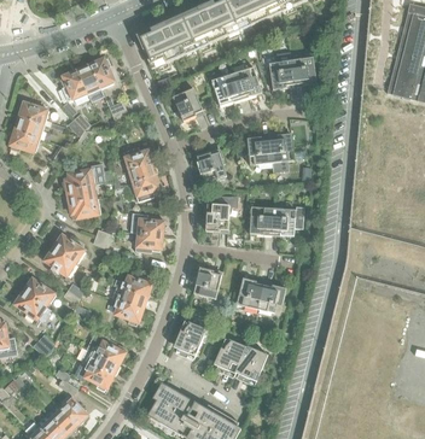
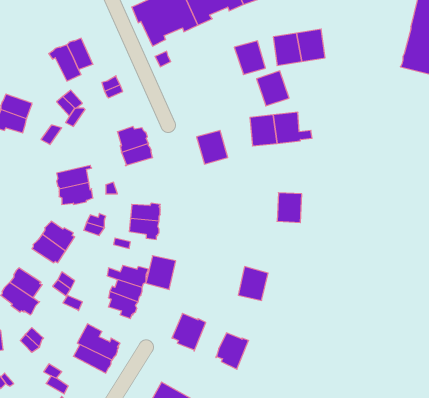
building: [89,57,120,88] -> none
building: [210,72,240,105] -> [257,71,289,106]
building: [171,87,203,121] -> none
building: [19,99,65,130] -> none
building: [64,164,98,189] -> none
building: [128,175,161,207] -> none
building: [205,203,229,232] -> none
building: [249,206,273,234] -> none
building: [193,267,221,298] -> [146,256,176,290]
building: [257,282,285,314] -> none
building: [234,345,267,380] -> none
building: [74,359,112,391] -> none

